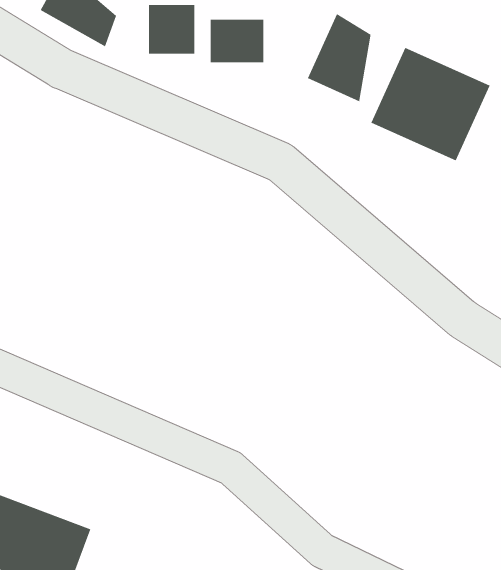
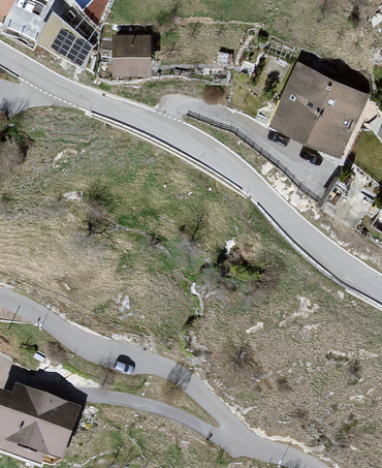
building: [307,13,371,102] -> none
building: [210,19,264,63] -> none

